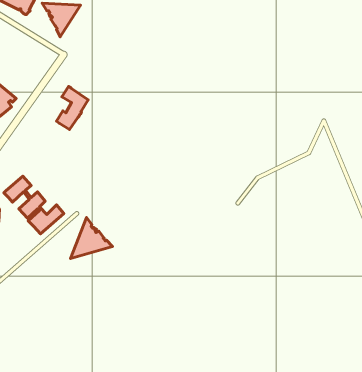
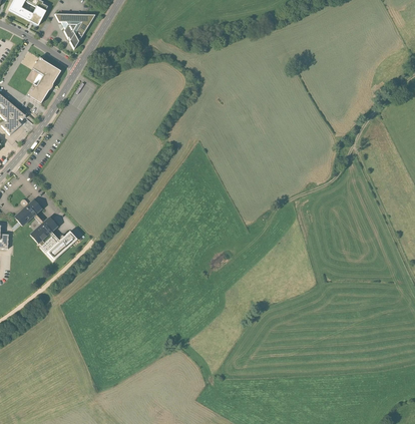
building: [56,87,88,130] -> [26,57,60,103]
building: [70,217,112,258] -> none

